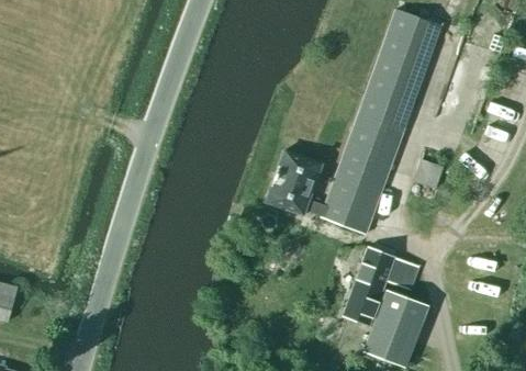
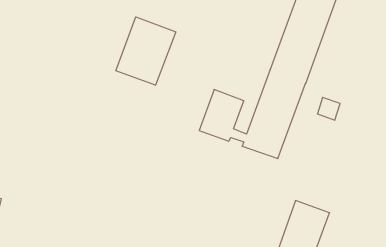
building: none -> [116,17,176,85]
building: [343,245,419,325] -> none

